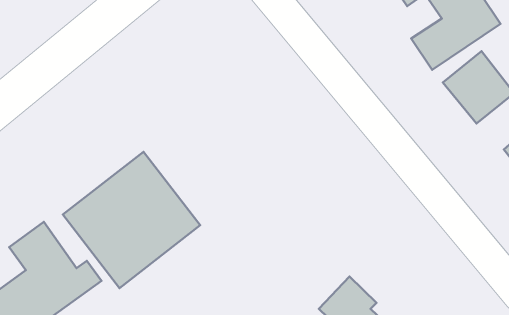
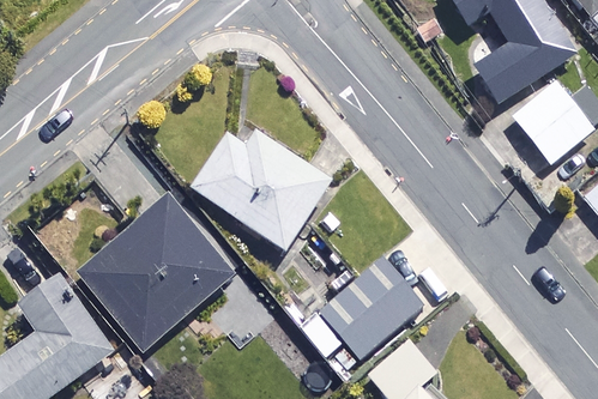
building: none -> [192,129,331,249]
building: none -> [301,255,422,358]

